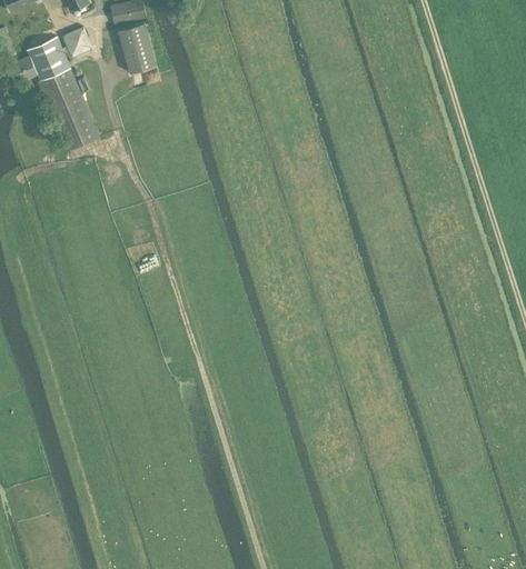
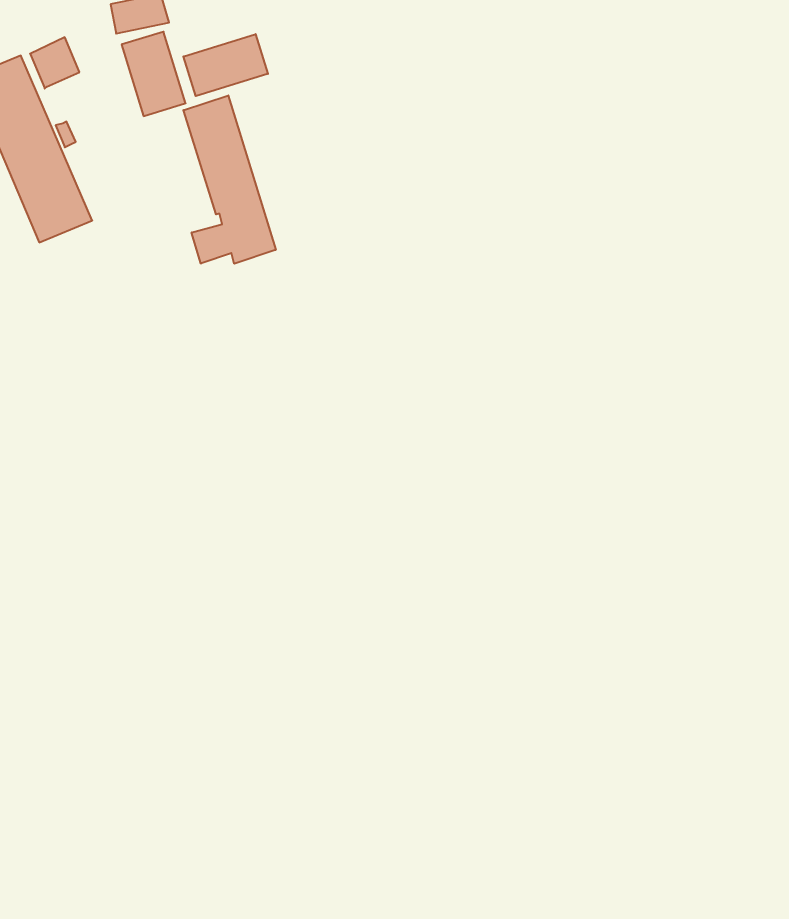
building: none -> [183,34,268,96]
building: none -> [183,95,276,264]

